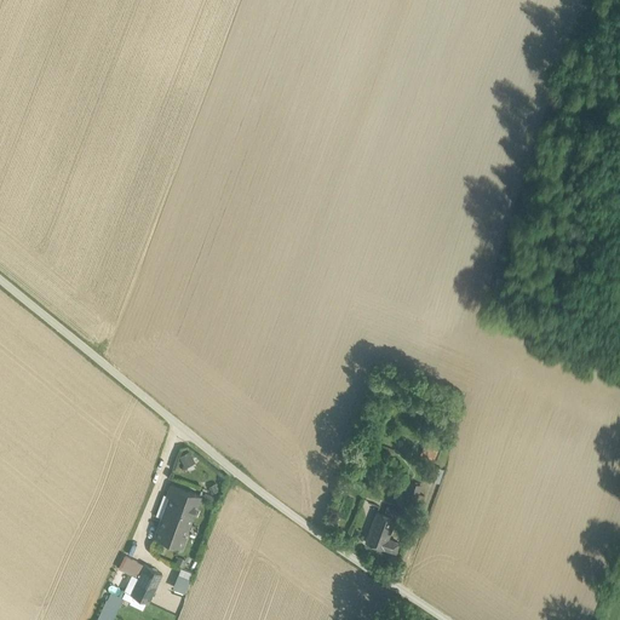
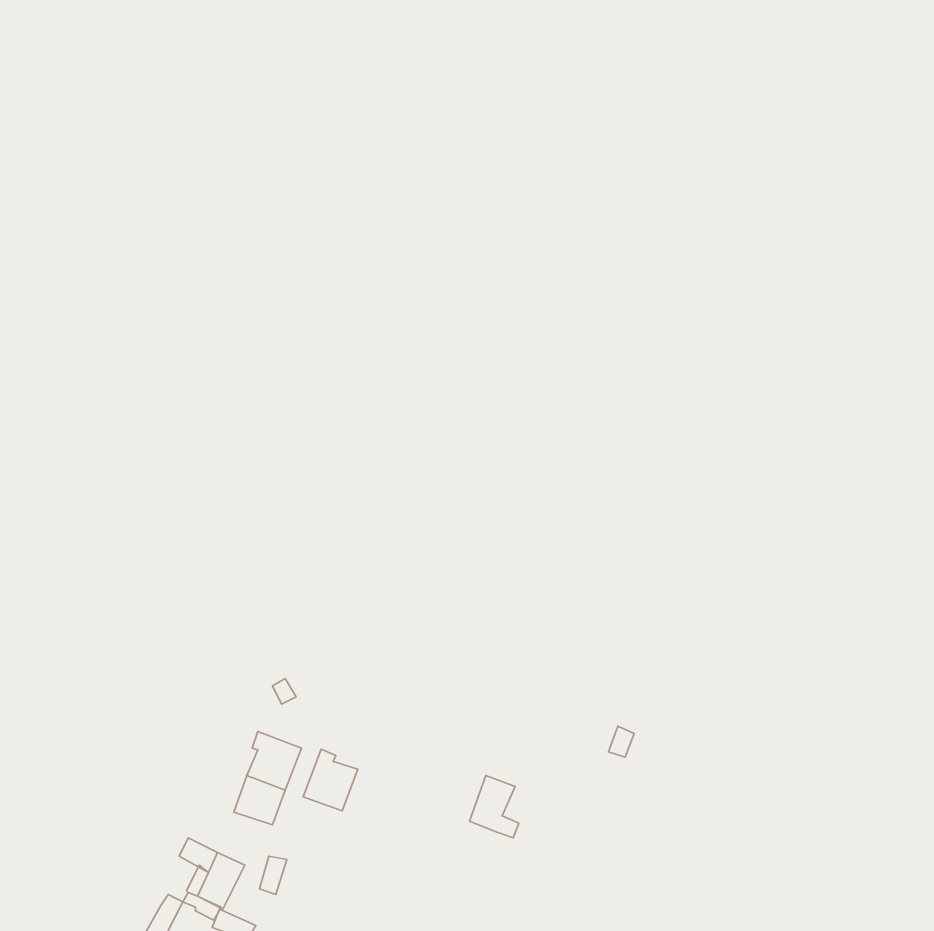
building: none -> [303,749,358,811]
building: [366,513,398,555] -> [469,776,519,838]

